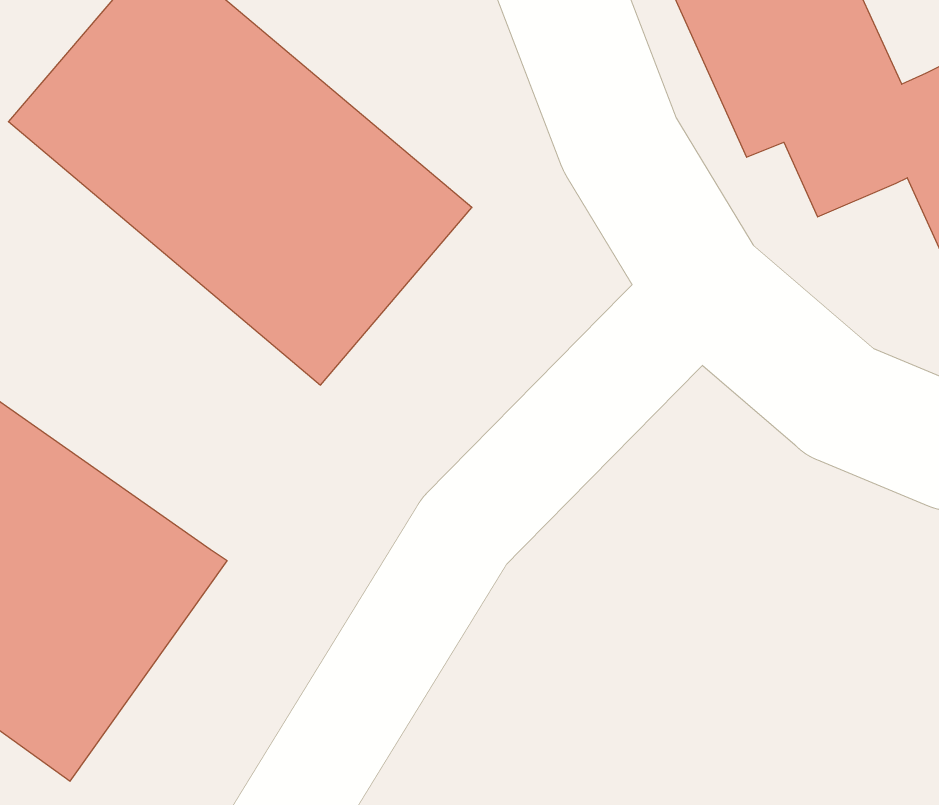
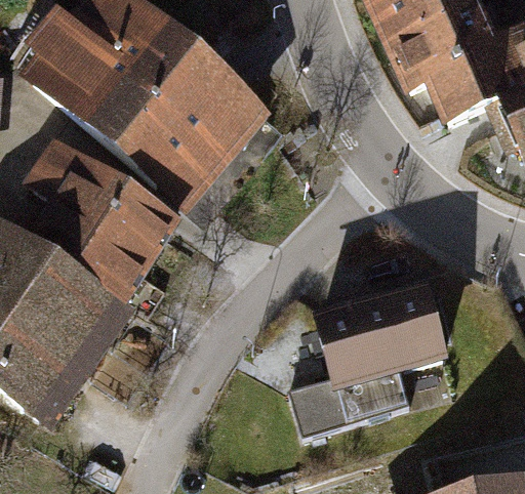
building: none -> [16,136,177,302]
building: none -> [291,283,449,433]

